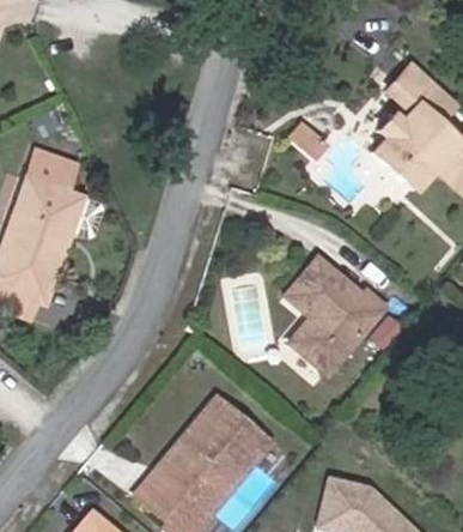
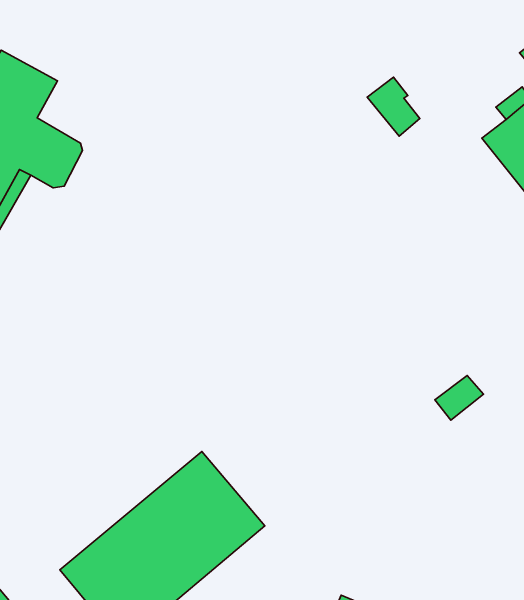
building: [287,258,383,371] -> none

